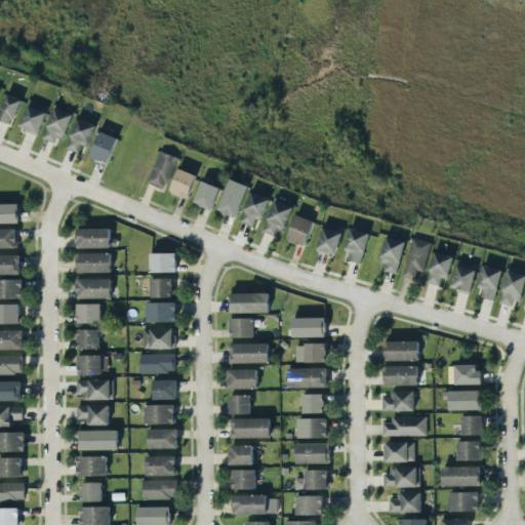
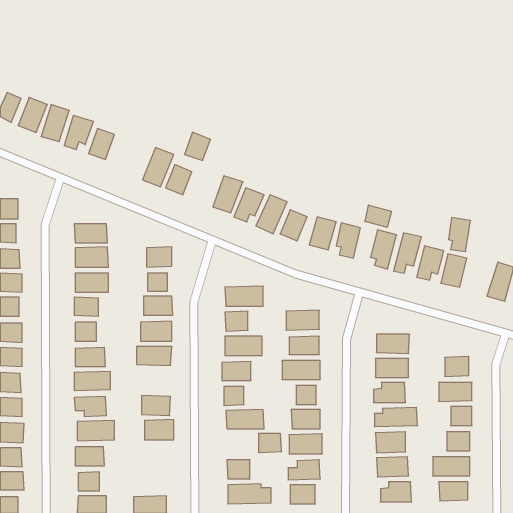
building: [193,180,219,209] -> [184,132,211,160]
building: none -> [365,205,392,227]
building: [478,266,500,300] -> [449,218,471,252]
building: [153,379,177,400] -> none
building: [229,446,252,466] -> [258,434,282,453]
building: [146,456,175,475] -> none
building: [143,480,176,498] -> none

